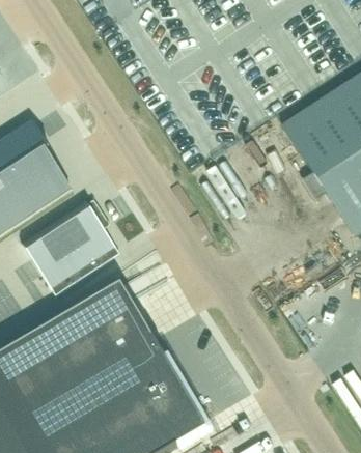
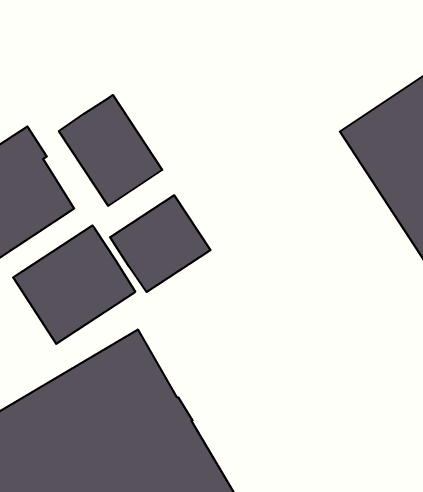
building: none -> [59,95,162,206]
building: none -> [110,195,211,292]

